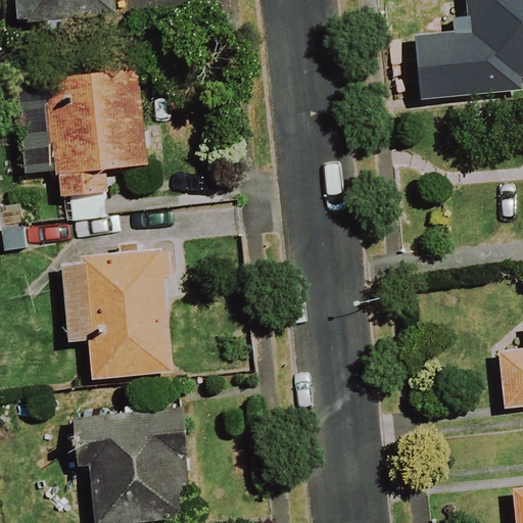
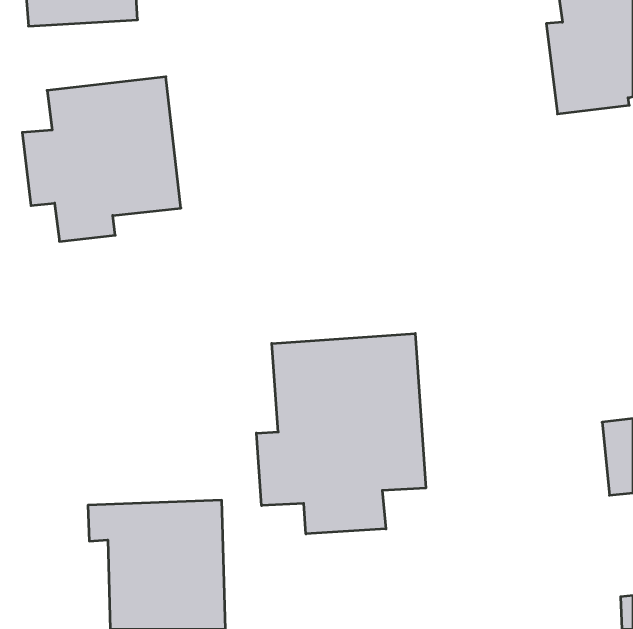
building: [62,252,171,380] -> none
building: none -> [256,333,426,534]

